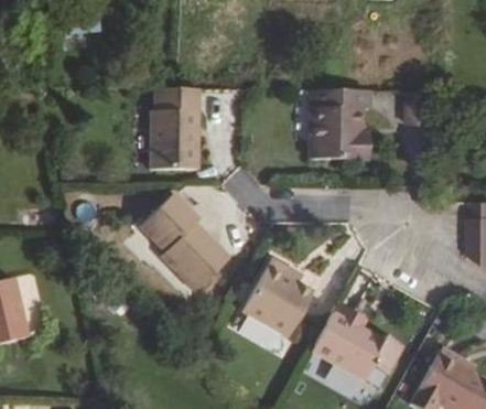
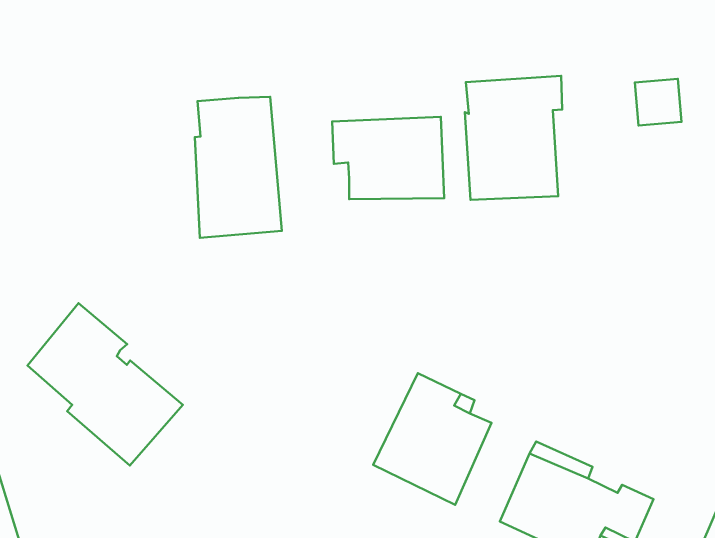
building: none -> [332,117,444,199]
building: [138,192,227,290] -> [28,303,183,466]

